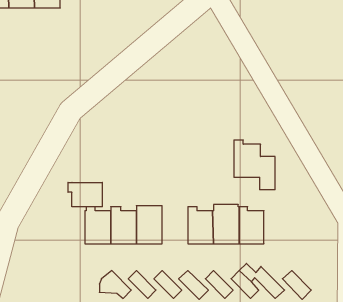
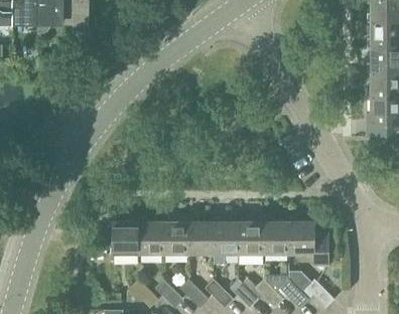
building: [234,140,275,190] -> [288,217,328,266]
building: [68,182,102,207] -> none
building: none -> [188,216,214,254]

